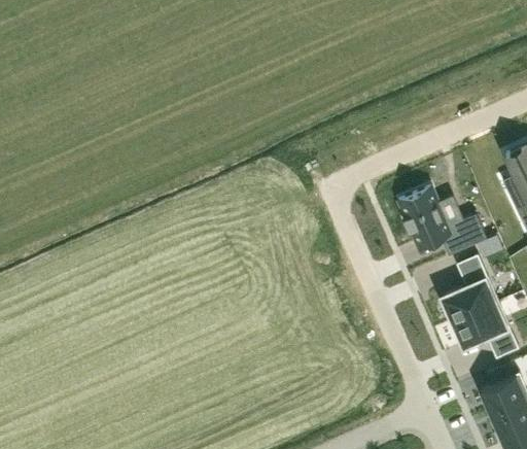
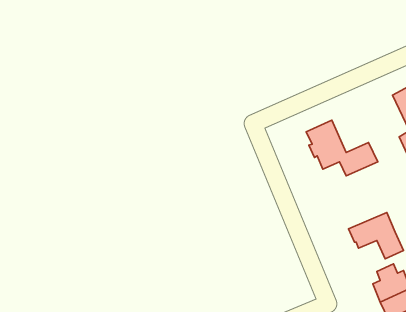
building: [443,254,498,322] -> none

